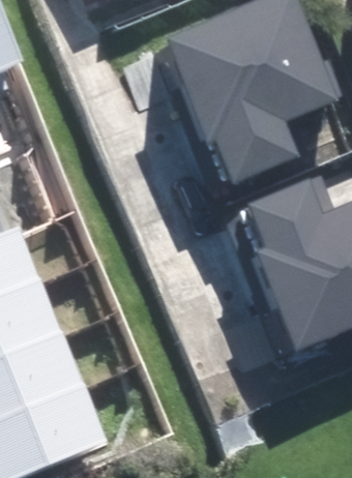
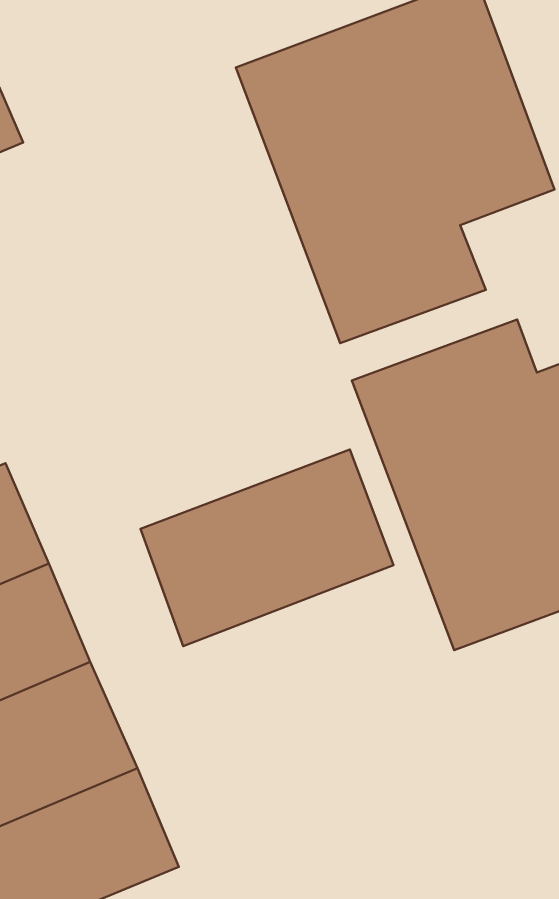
building: none -> [140,449,394,646]

